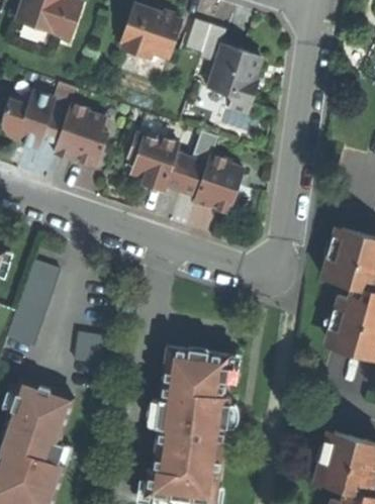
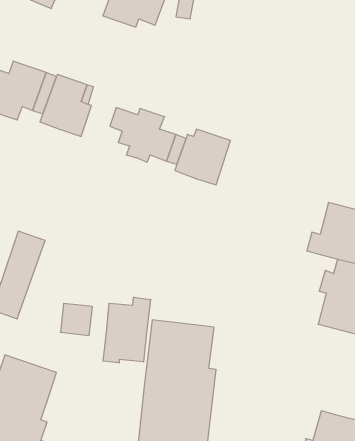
building: [206,45,265,115] -> none
building: none -> [103,297,150,363]

